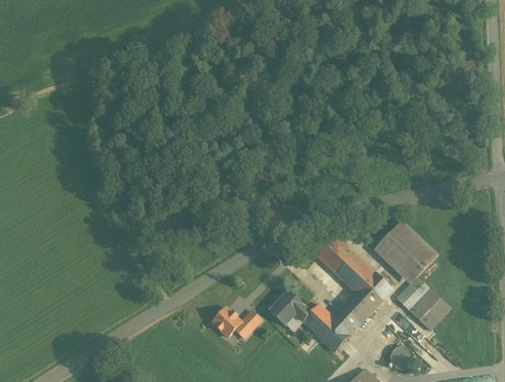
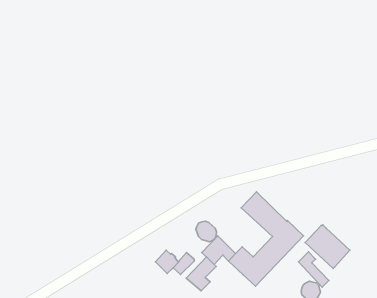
building: [379,222,436,278] -> none
building: none -> [196,221,216,242]
building: none -> [186,257,216,291]

